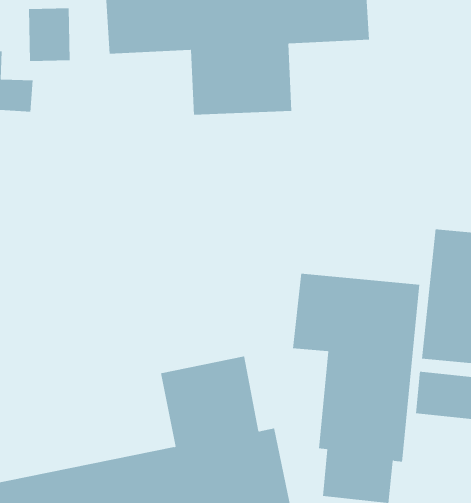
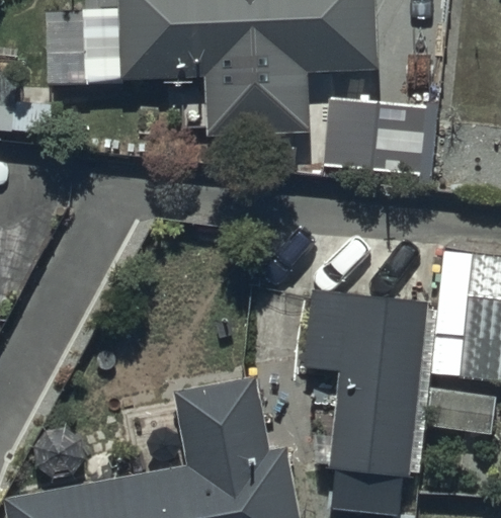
building: none -> [325,99,424,174]

